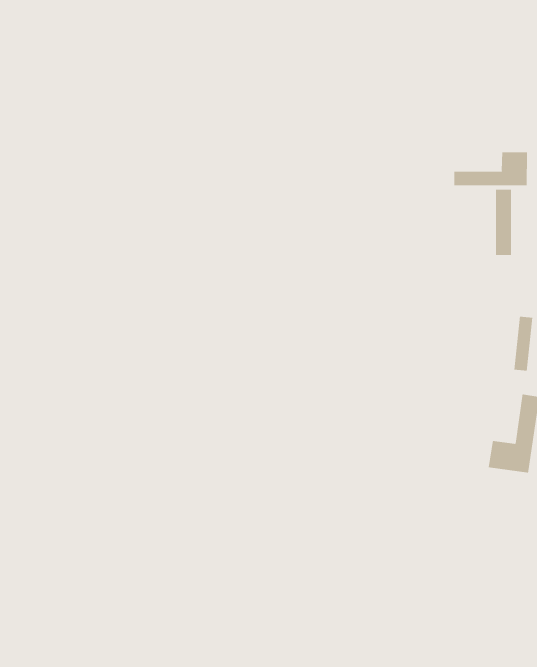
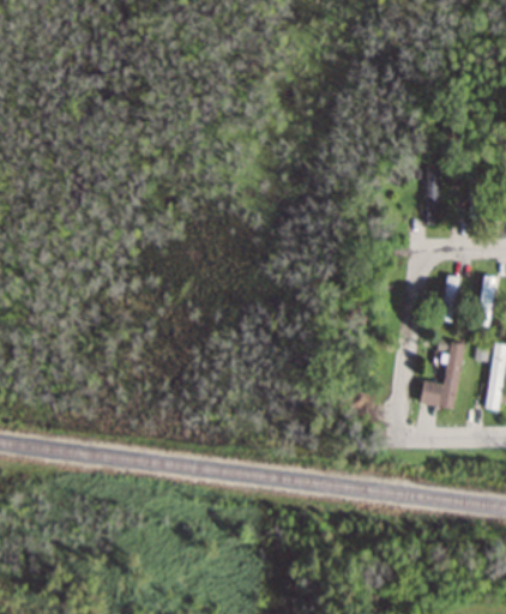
building: [454,152,528,186] -> none

